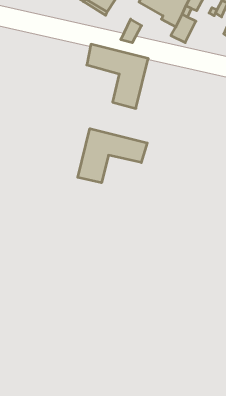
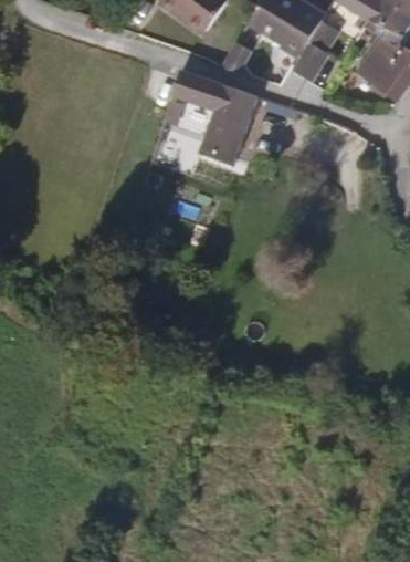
building: [78,129,147,183] -> none

